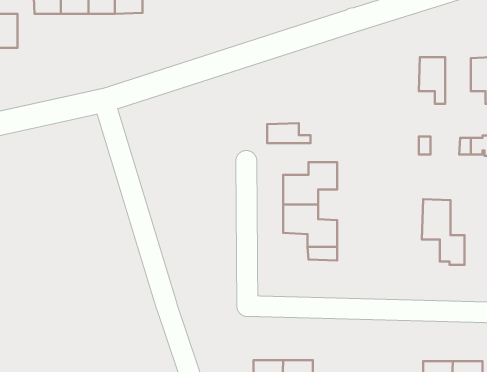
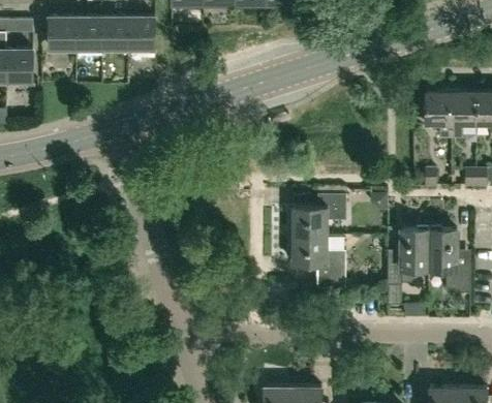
building: none -> [451,91,475,136]
building: [267,123,310,143] -> none
building: none -> [387,229,429,284]

